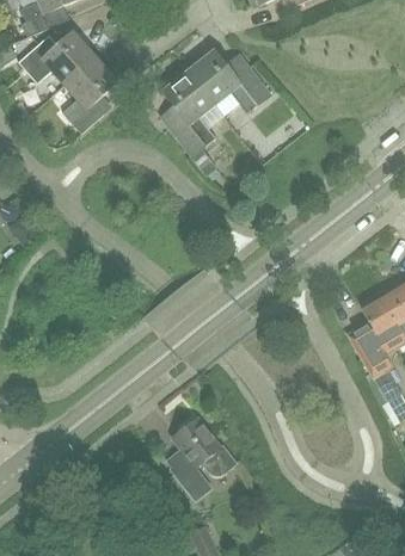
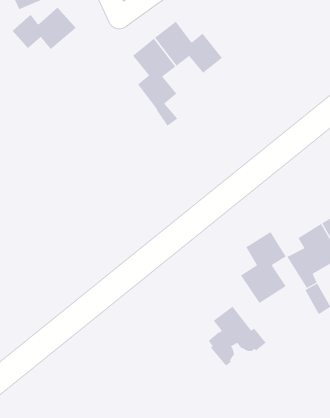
building: [61,57,117,134] -> none
building: none -> [240,231,287,304]
building: [166,416,237,489] -> [208,306,267,367]

